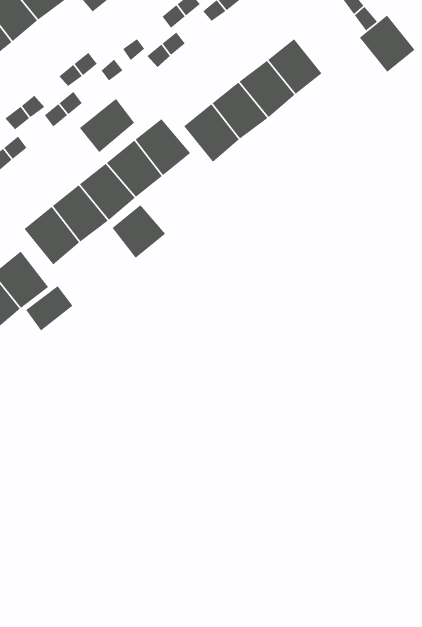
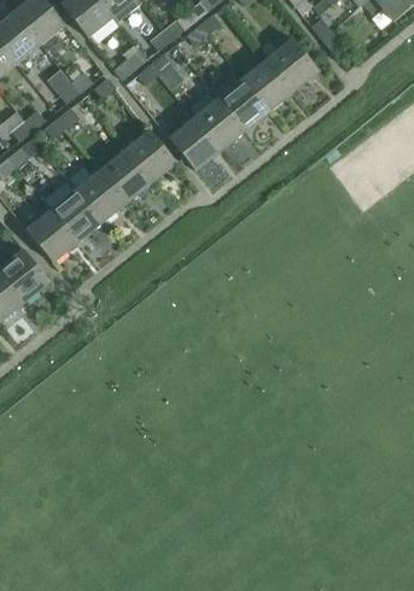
building: [359,15,416,73] -> [267,39,317,90]
building: [79,98,135,153] -> none
building: [111,204,166,259] -> none
building: [25,285,74,331] -> none

